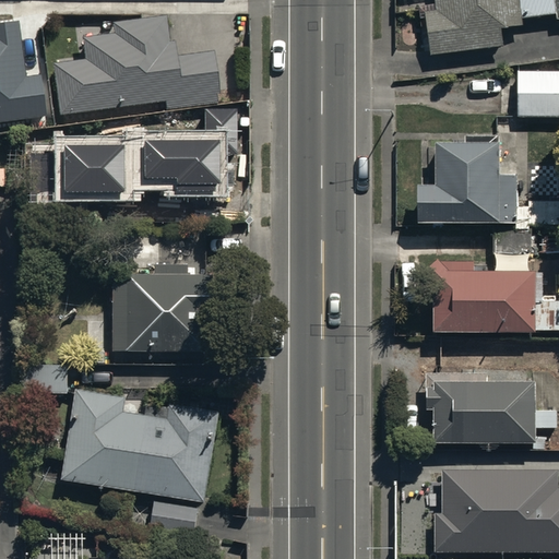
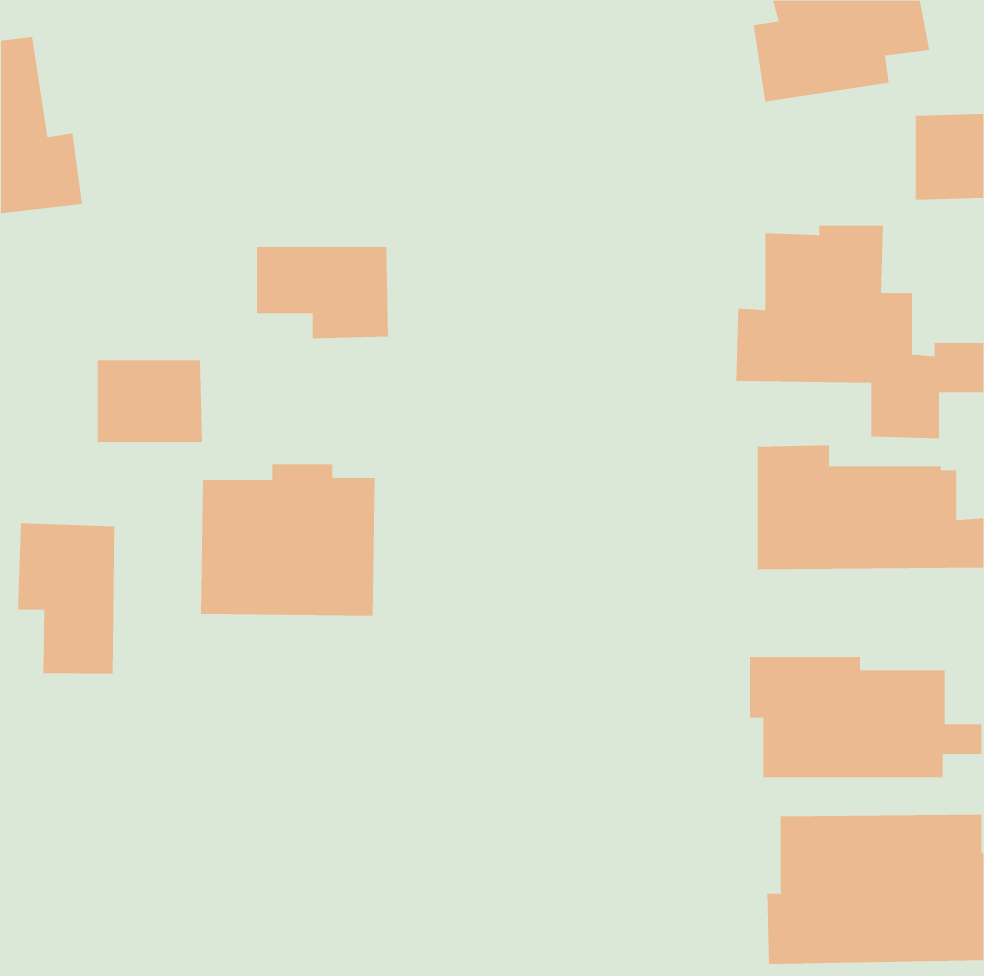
building: [51,14,218,115] -> none
building: [66,148,126,195] -> [97,360,203,443]
building: none -> [18,523,115,675]
building: [60,389,217,531] -> none

